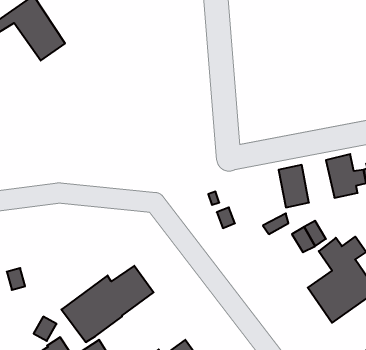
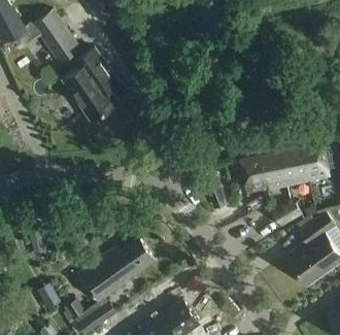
building: none -> [64,47,120,121]
building: none -> [281,148,309,185]
building: none -> [240,157,268,193]

